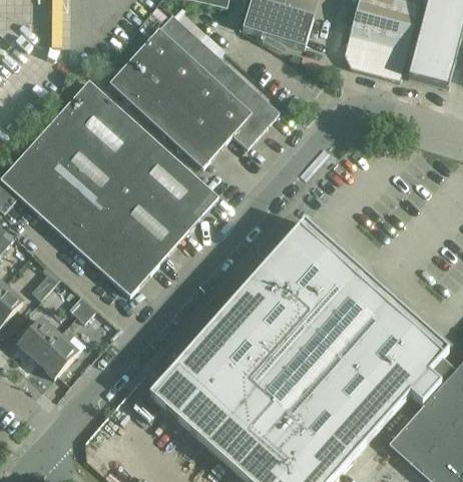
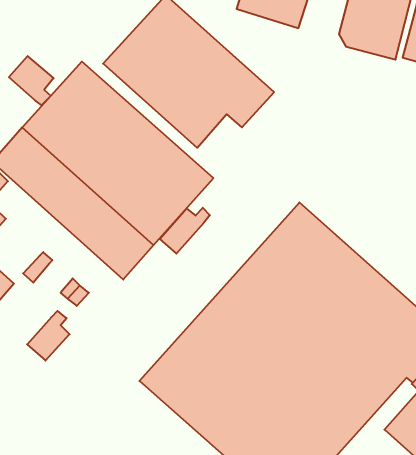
building: none -> [9,56,54,105]
building: none -> [160,208,210,254]
building: [17,317,59,360] -> none

